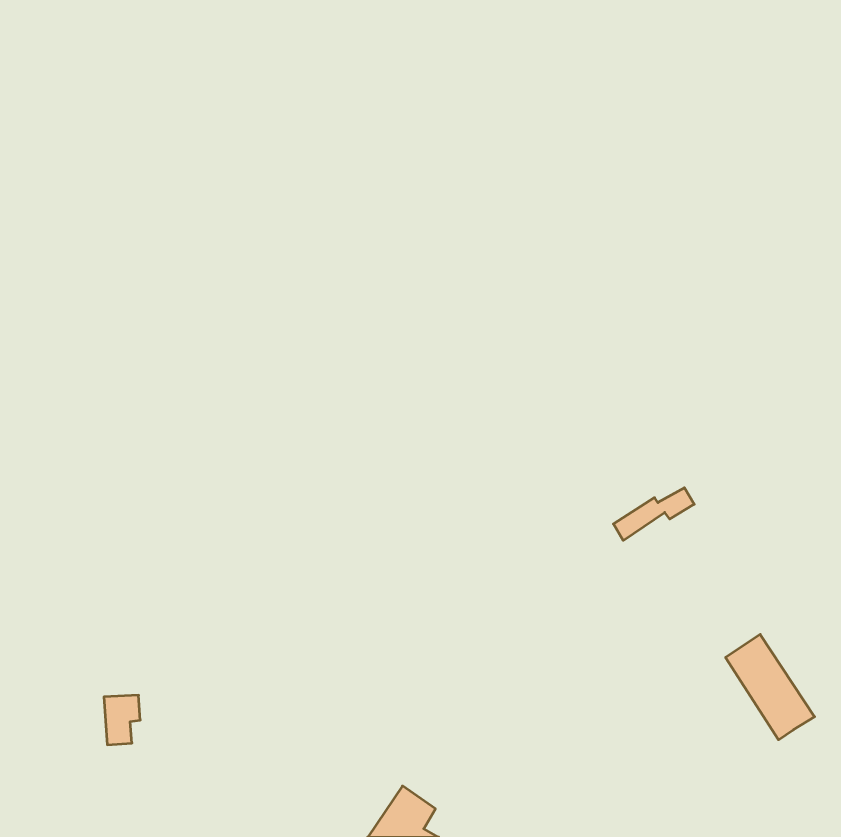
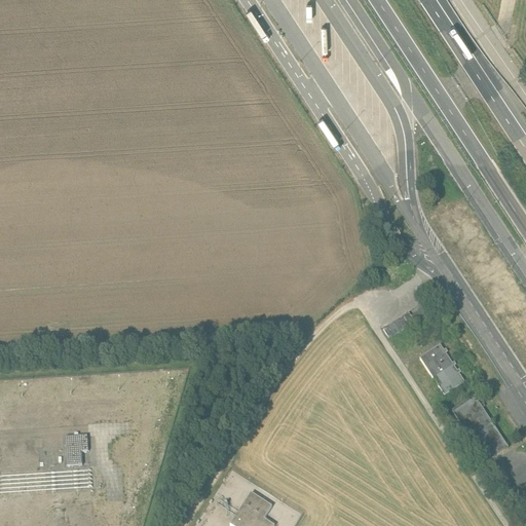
building: none -> [420,343,464,393]

